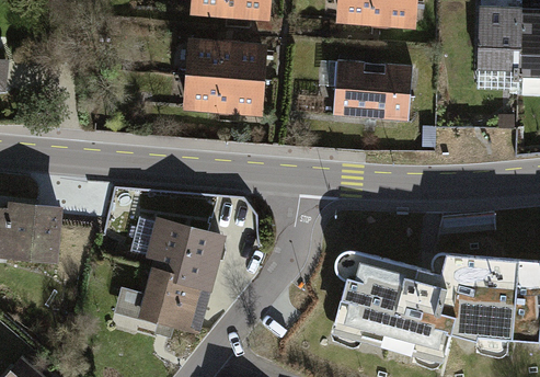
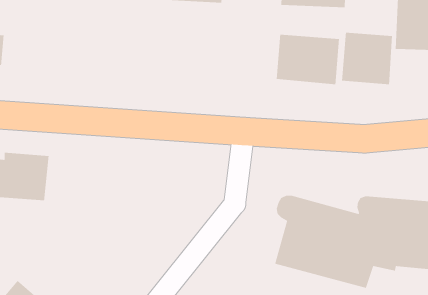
building: [184,42,266,116] -> none
building: none -> [341,32,393,85]
building: [137,225,222,332] -> none

